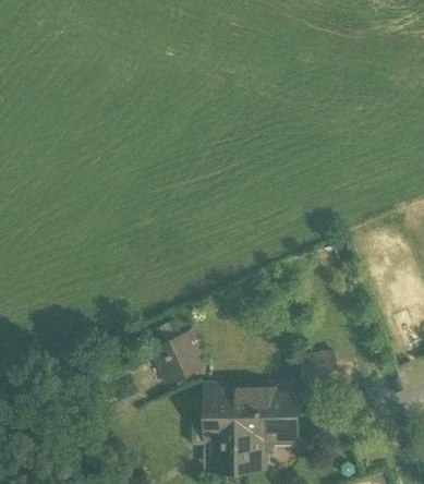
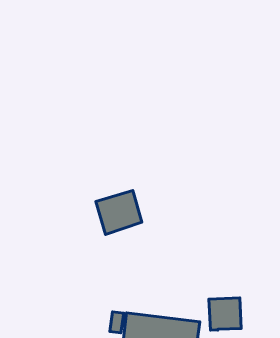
building: [150,331,206,386] -> [96,190,142,234]

